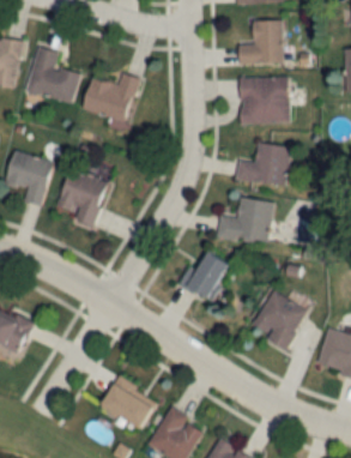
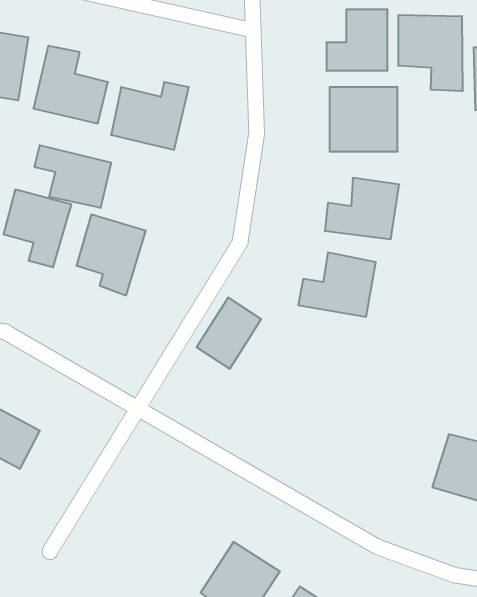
building: none -> [398,15,462,91]
building: none -> [35,145,111,208]
building: [182,249,229,301] -> [197,298,261,369]
building: [253,290,307,350] -> none
building: [101,376,152,430] -> none

